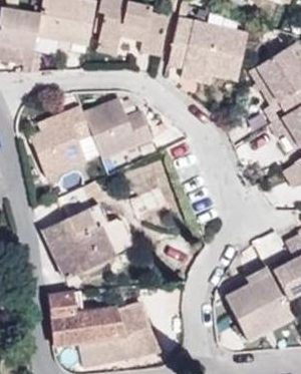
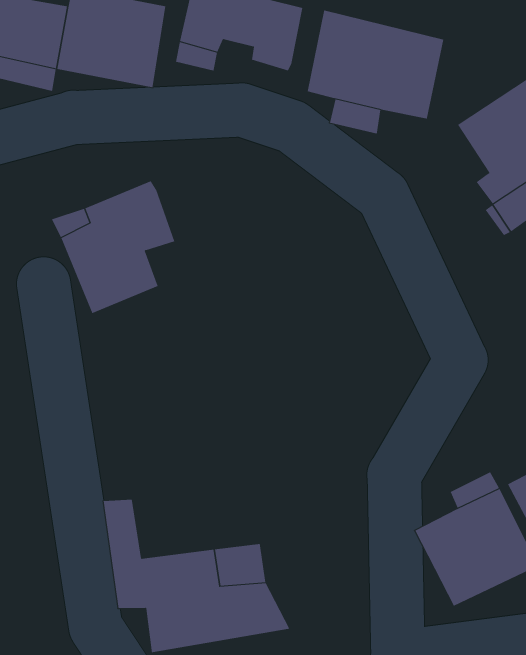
building: [87,100,153,159] -> none
building: [45,207,139,277] -> none

